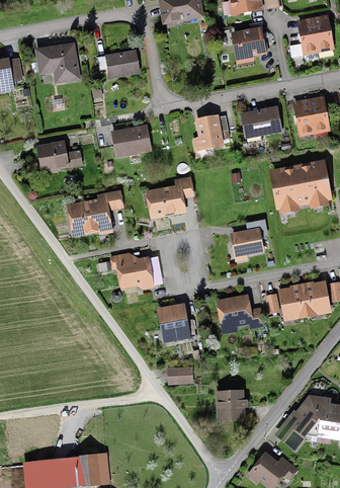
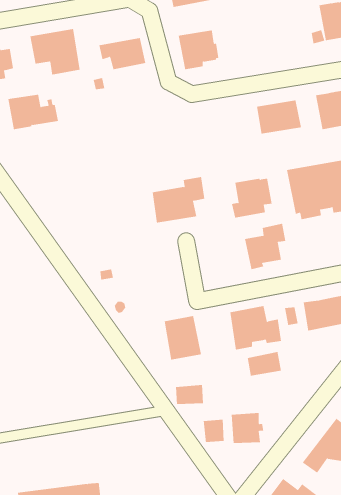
building: [231,26,268,63] -> [178,30,219,70]
building: [192,114,230,151] -> [231,178,272,218]
building: [111,125,152,158] -> none
building: [36,141,83,173] -> [8,94,59,130]
building: [70,191,121,232] -> none
building: [112,253,152,289] -> none
building: none -> [247,351,282,376]
building: none -> [203,419,224,443]

